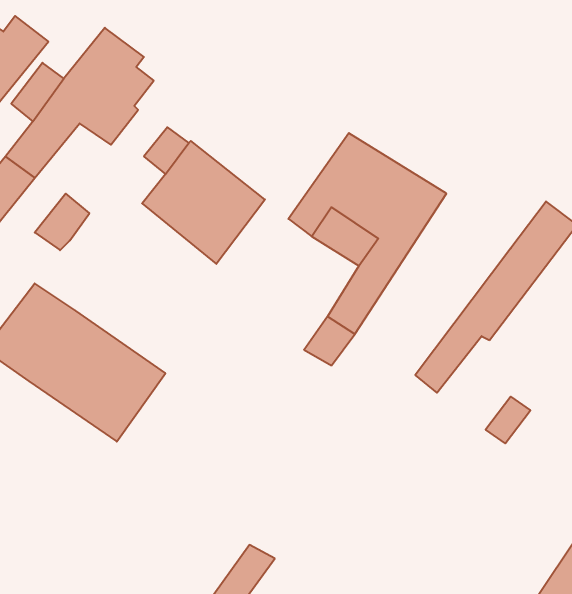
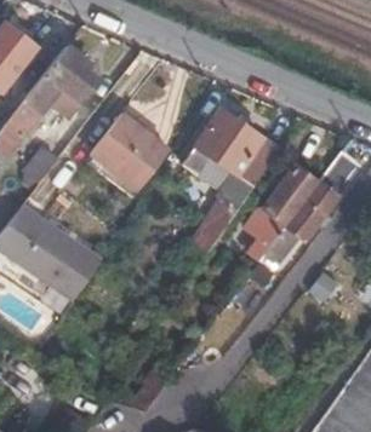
building: none -> [244,166,320,260]

